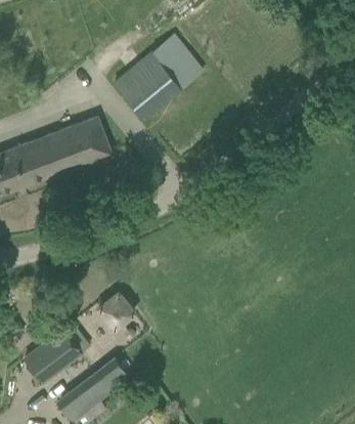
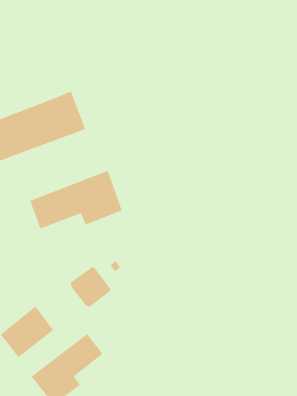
building: [108,33,202,120] -> none
building: none -> [29,170,123,230]

